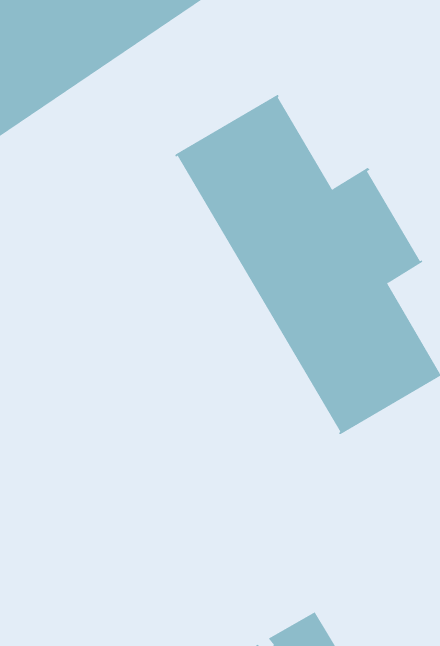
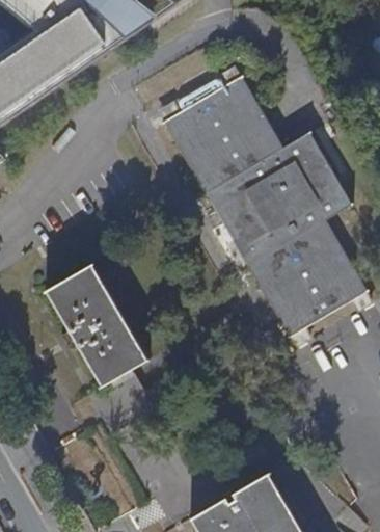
building: none -> [44,263,150,388]

